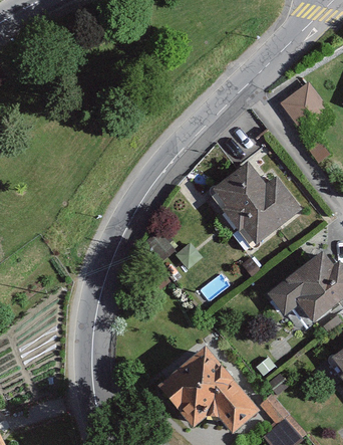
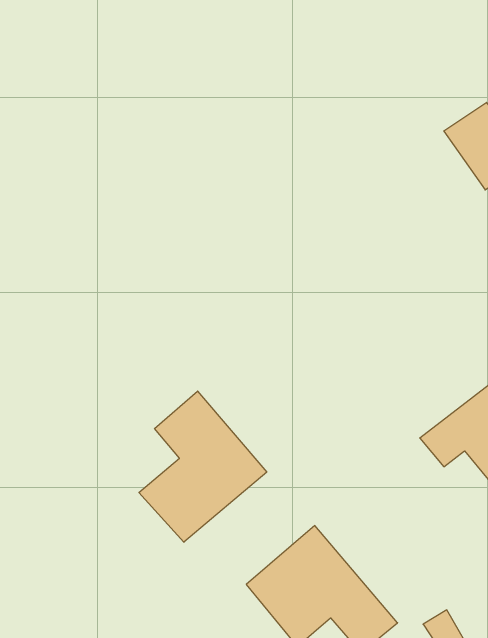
building: [213,165,295,241] -> none
building: none -> [139,391,267,542]

